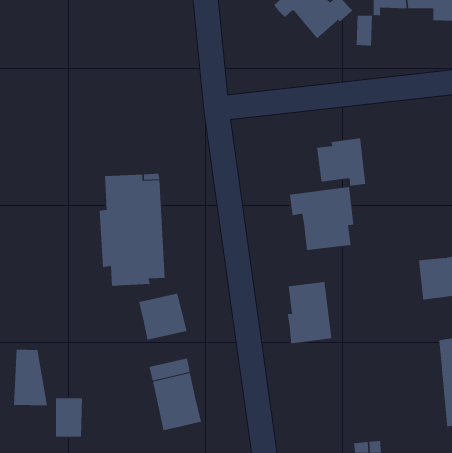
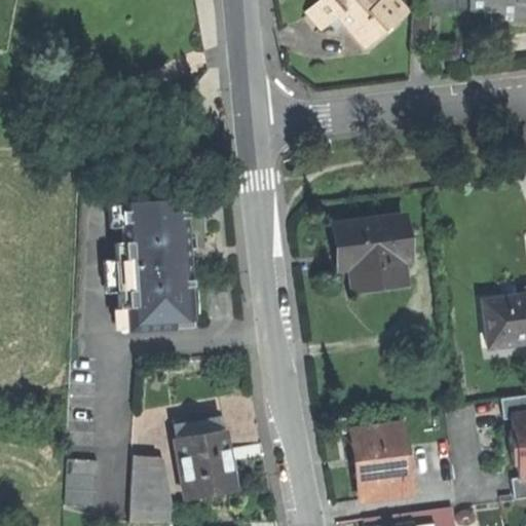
building: [317,138,366,187] -> none
building: [287,282,332,344] -> [360,425,412,497]
building: [139,293,187,341] -> none
building: [13,349,48,406] -> [130,454,171,520]

